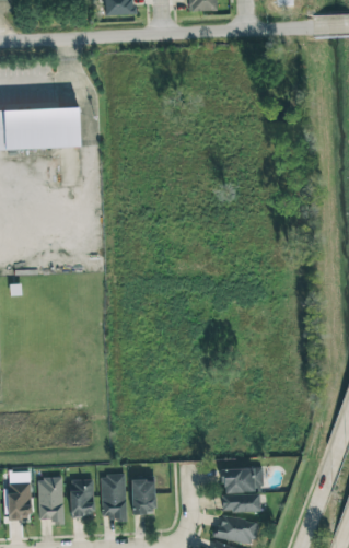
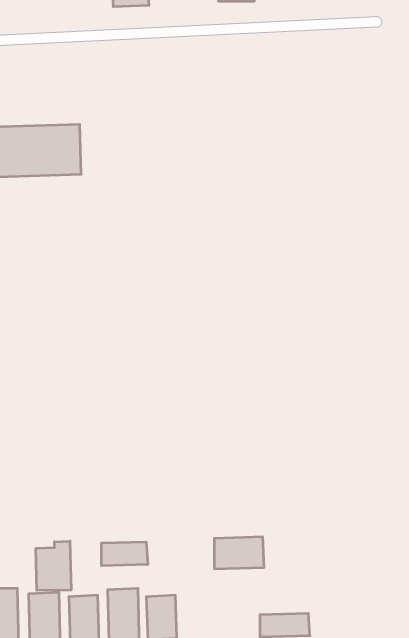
building: none -> [36,541,71,590]
building: none -> [102,542,148,566]
building: [223,467,263,492] -> [214,537,264,569]

